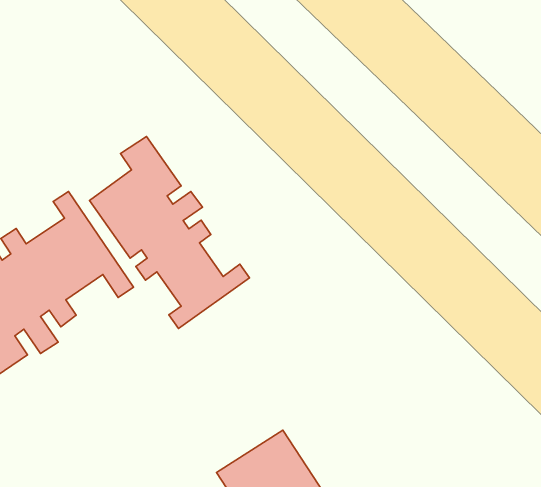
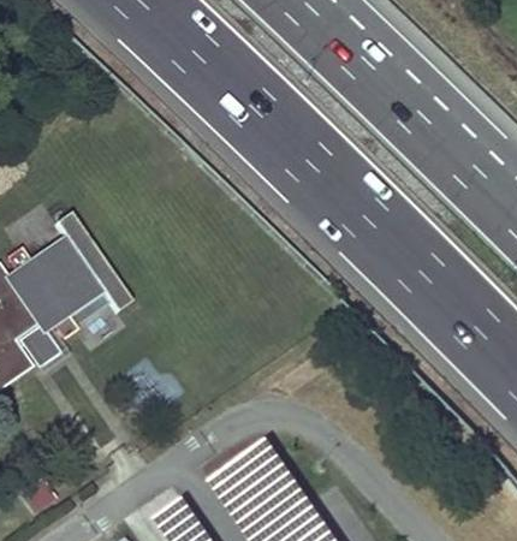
building: [90,137,250,328] -> none

